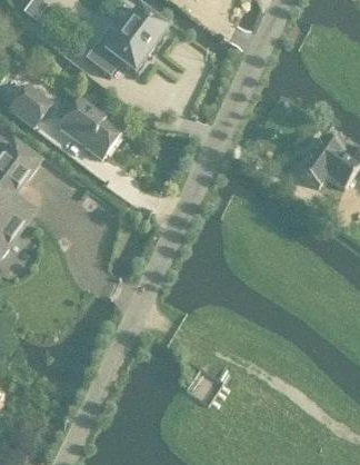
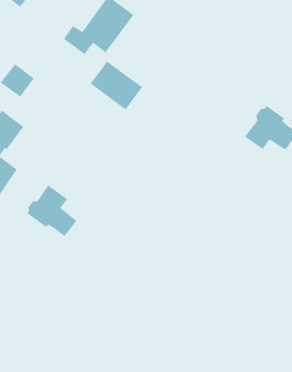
building: [59,99,121,157] -> [90,61,143,110]
building: none -> [27,184,77,237]

